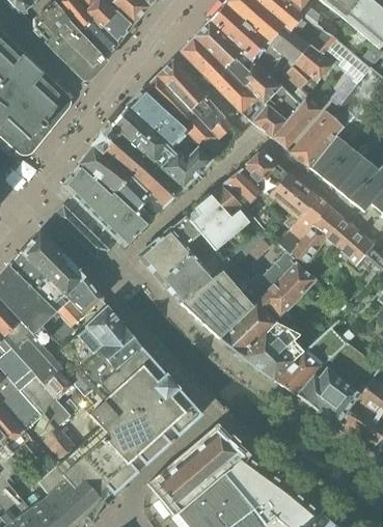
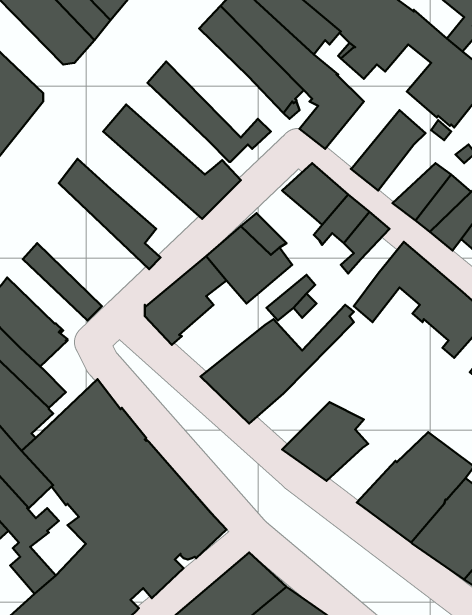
building: [157,60,223,130] -> none
building: [128,90,191,157] -> none
building: [272,98,320,148] -> none
building: [92,124,183,207] -> none
building: [310,135,352,177] -> none
building: [62,164,144,245] -> none
building: [224,168,278,228] -> none
building: [277,196,329,254] -> none
building: [161,250,228,303] -> none
building: [217,261,316,356] -> none
building: [65,277,102,314] -> none
building: [273,327,354,394] -> none

